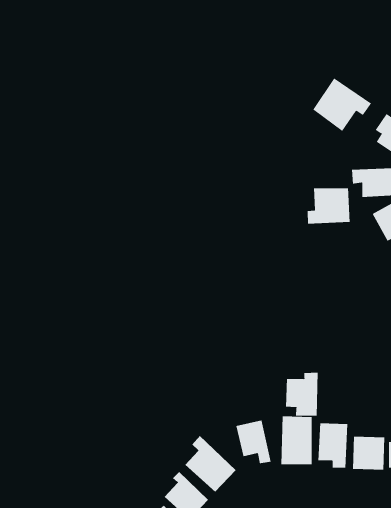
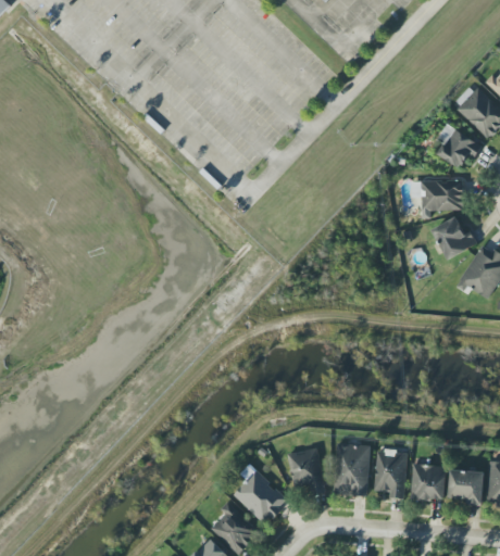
building: [312,78,372,132] -> none
building: [307,188,350,224] -> none
building: [285,372,318,417] -> none

